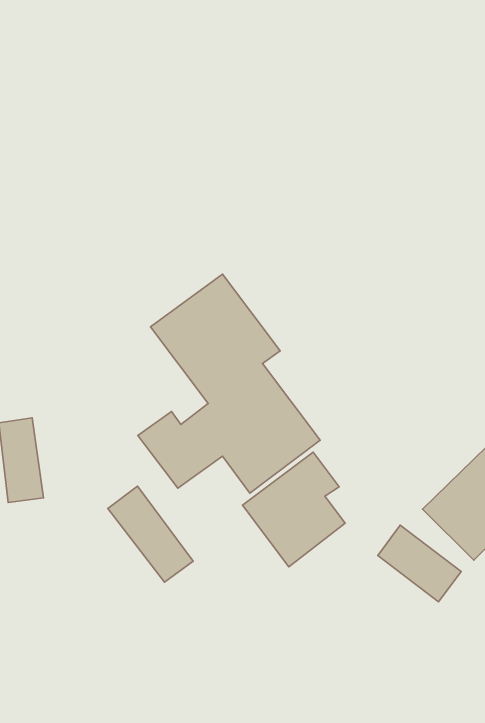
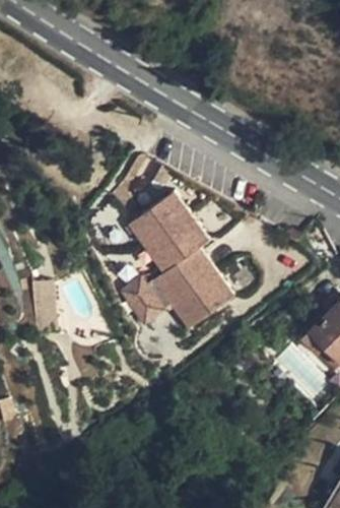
building: [242,452,345,567] -> none
building: [108,486,193,582] -> none

